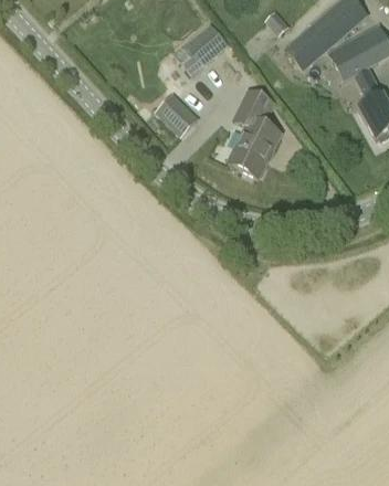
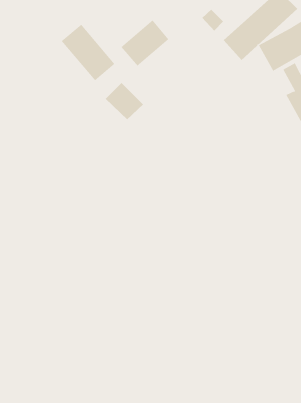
building: none -> [61,24,115,81]
building: [228,91,282,180] -> none

